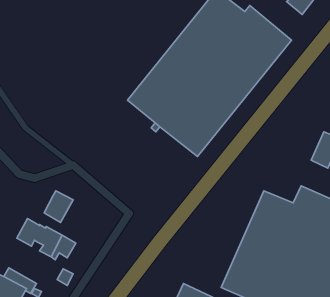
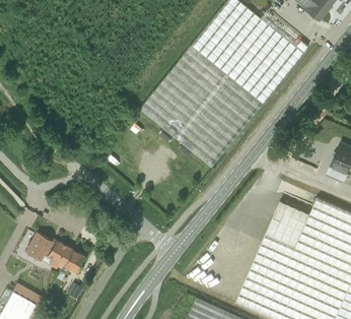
building: [44,191,73,222] -> none

